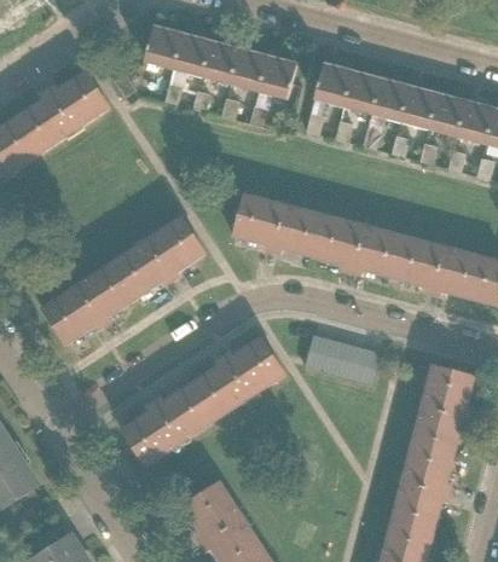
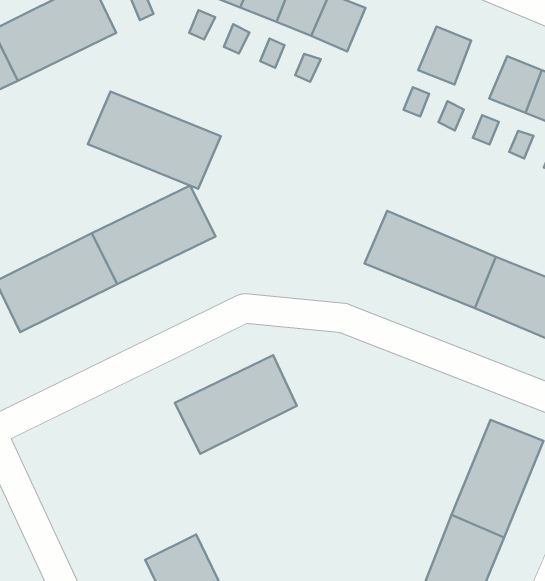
building: [306,64,352,134] -> none
building: [371,79,409,121] -> none
building: [232,193,332,259] -> [88,92,221,189]
building: [303,334,380,384] -> none
building: [121,383,214,465] -> none

